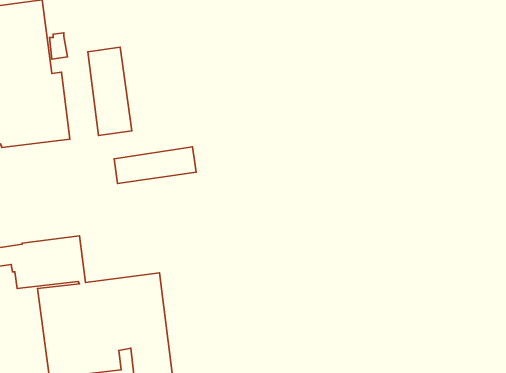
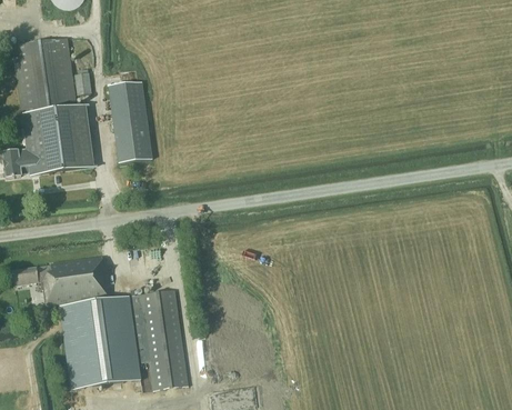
building: [114,147,196,183] -> none

